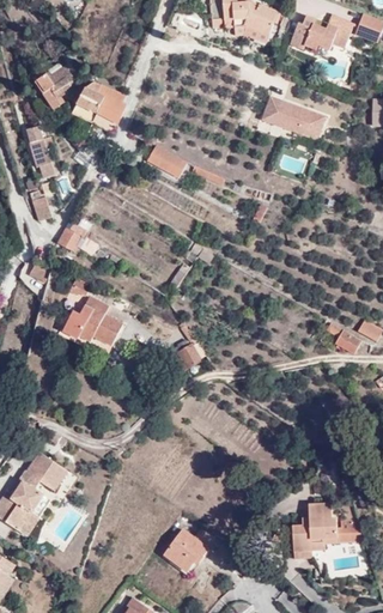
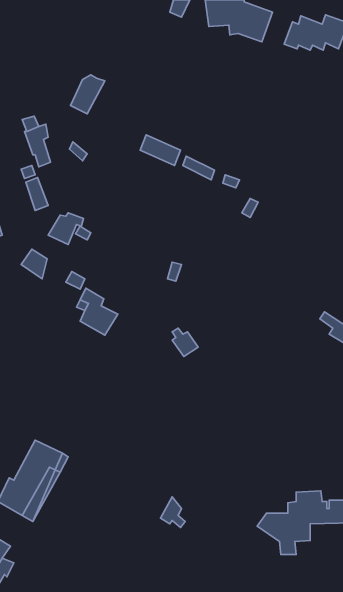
building: [34,63,77,108] -> none
building: [90,85,126,129] -> none
building: [260,98,326,144] -> none
building: [158,540,207,579] -> none

